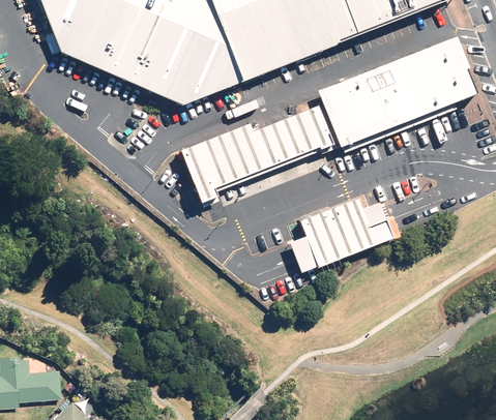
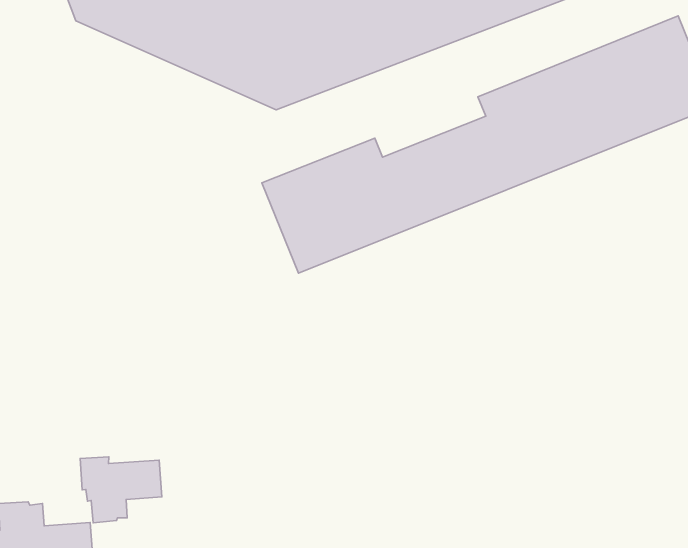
building: [289,202,393,270] -> none
building: none -> [80,457,162,523]

